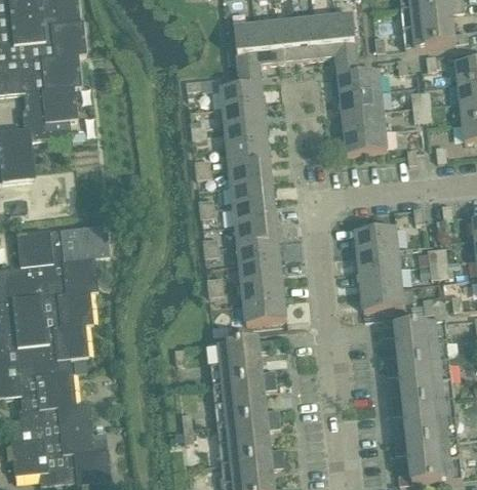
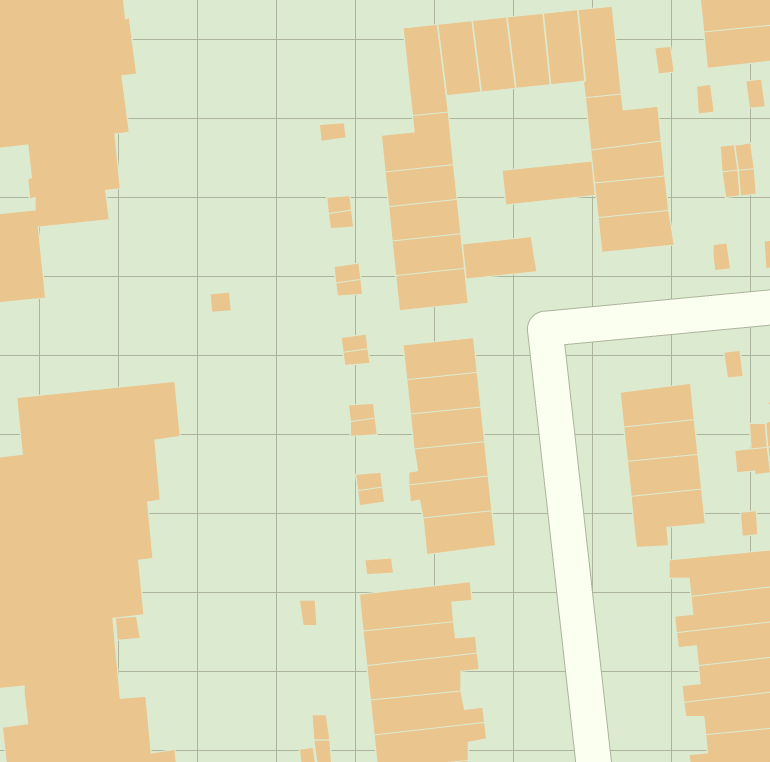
building: none -> [502,161,595,205]
building: [231,180,273,204] -> [462,237,537,279]

